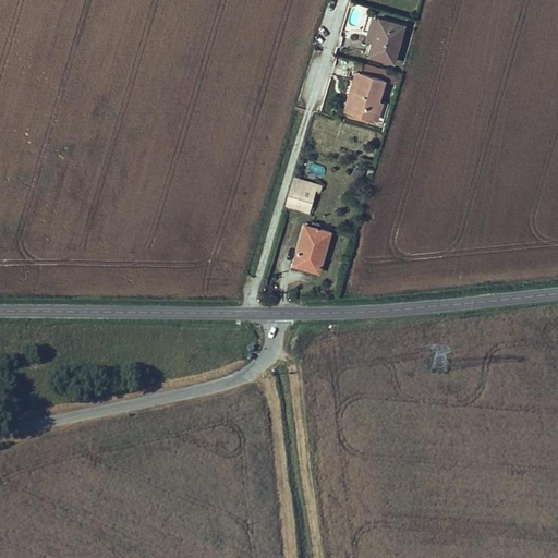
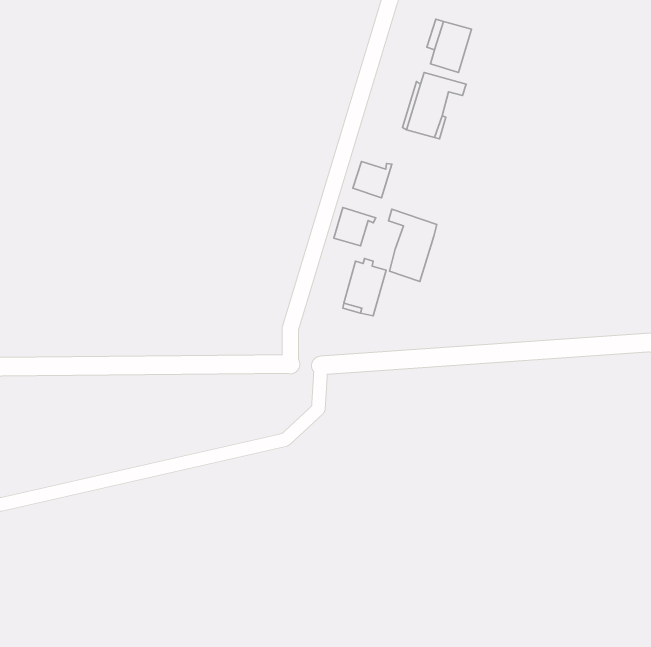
building: none -> [353,161,392,198]
building: none -> [388,209,437,281]

